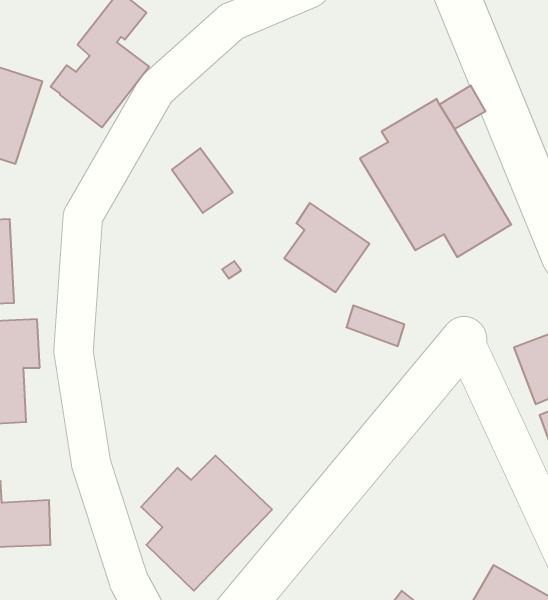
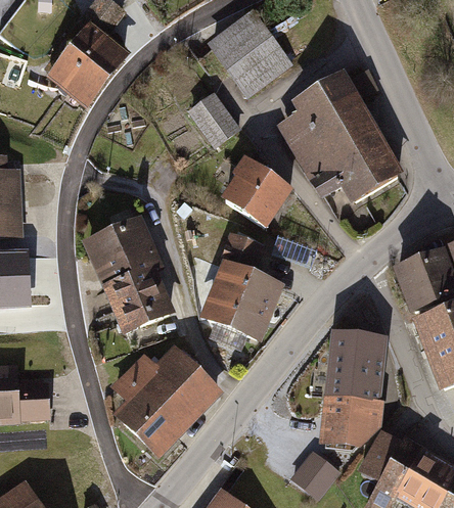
building: none -> [212,15,286,90]
building: [172,148,233,213] -> [190,94,236,143]
building: none -> [95,222,168,329]
building: none -> [207,236,276,336]
building: none -> [324,332,382,444]

